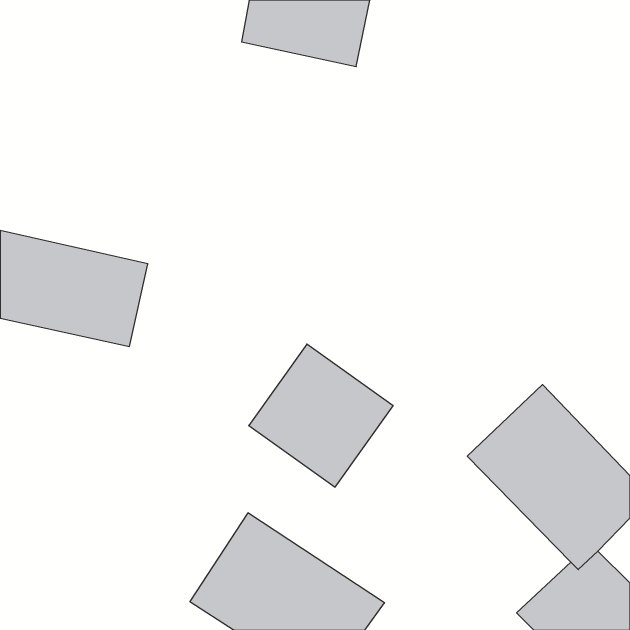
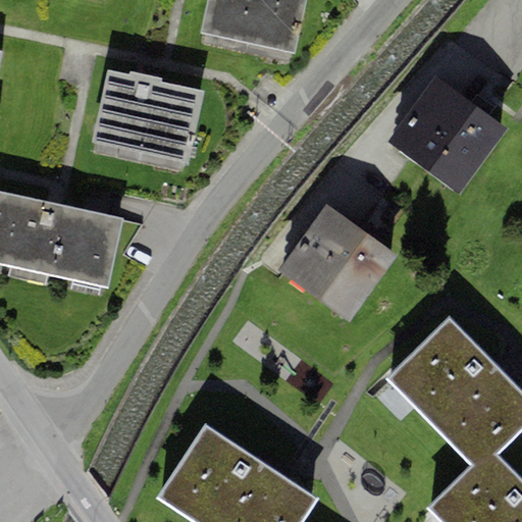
building: none -> [92,70,206,165]
building: none -> [387,79,506,195]
building: [249,344,393,487] -> [278,205,398,323]

